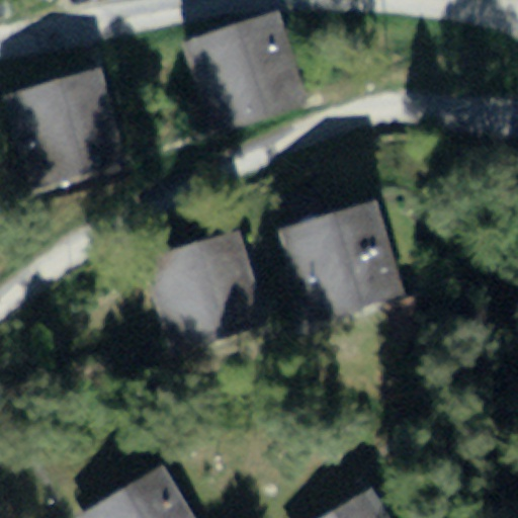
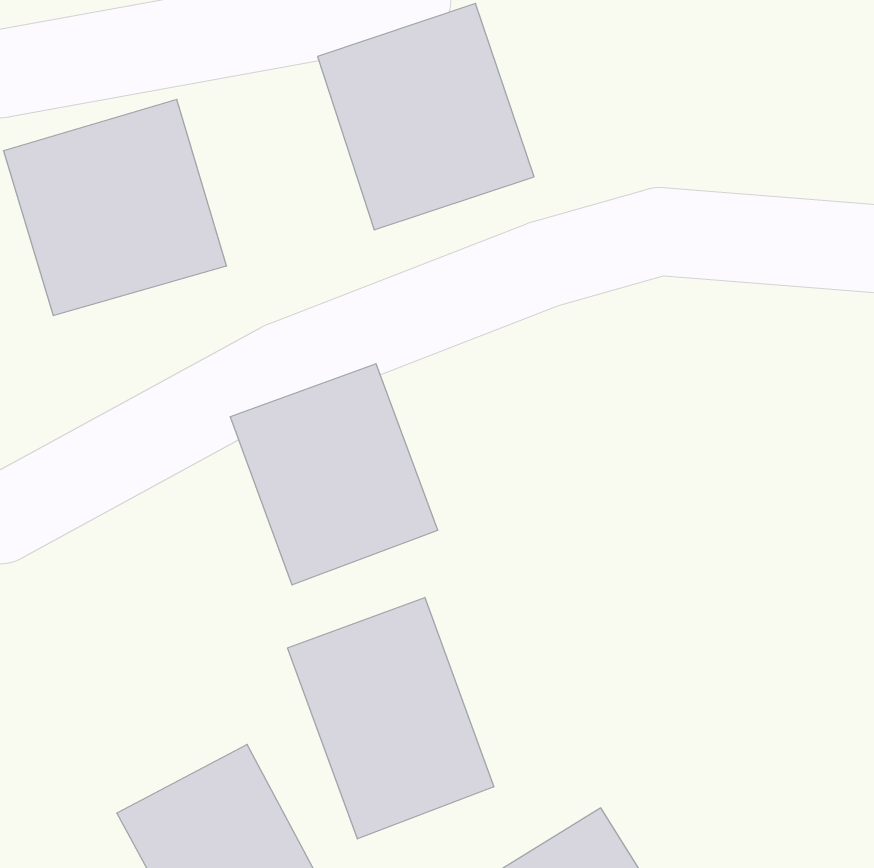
building: [284,199,410,335] -> none
building: none -> [288,597,494,839]

